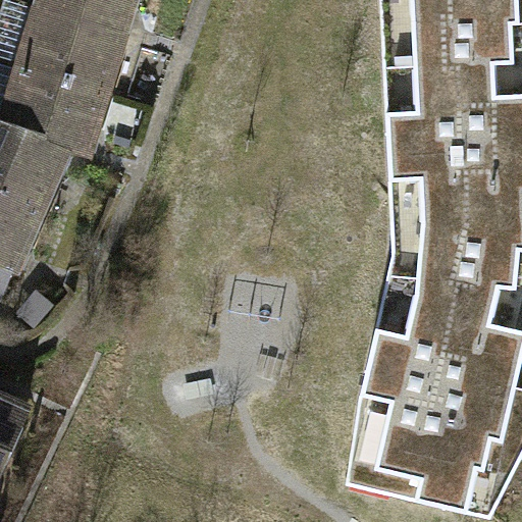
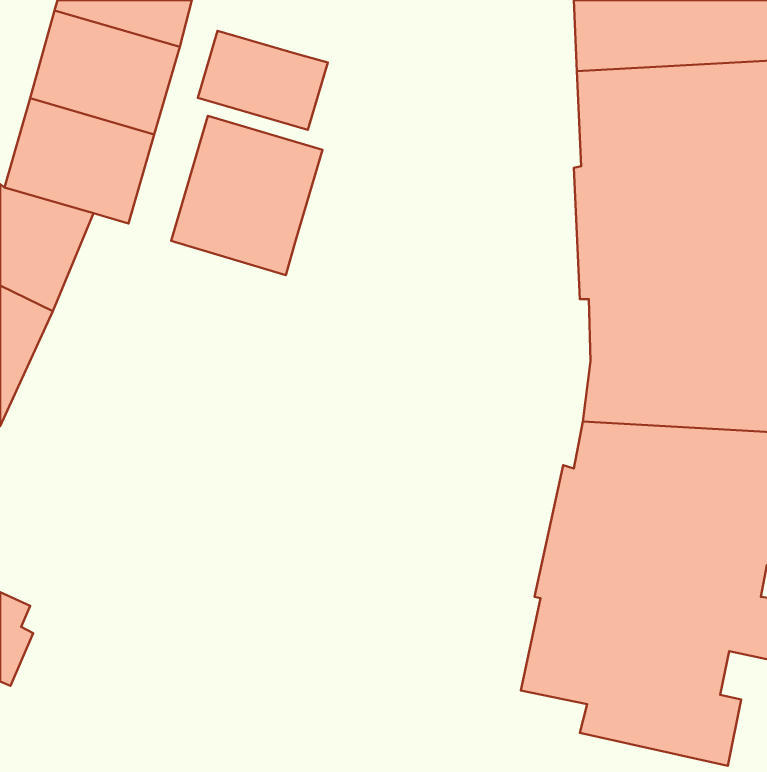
building: none -> [198,31,328,130]
building: none -> [171,116,323,275]

